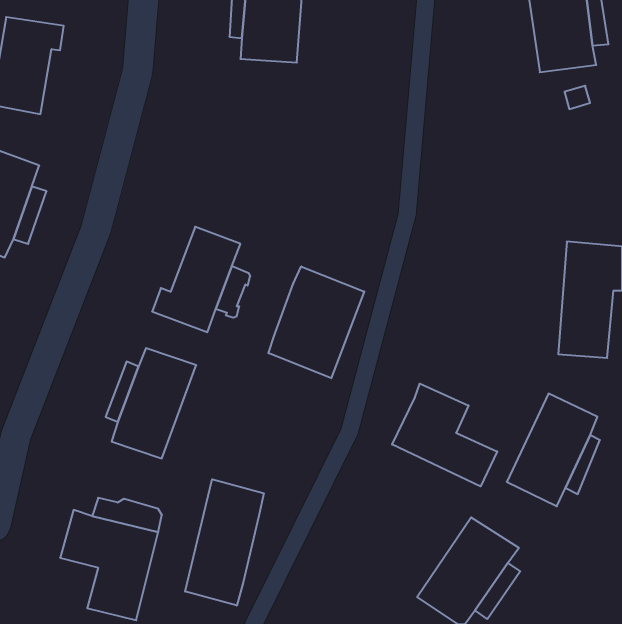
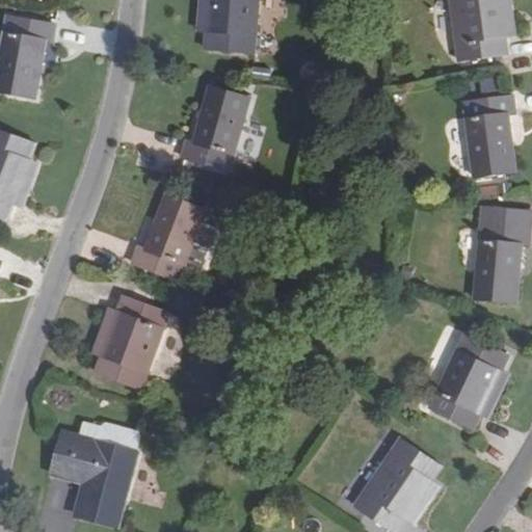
building: none -> [179,84,248,171]
building: none -> [461,92,513,179]
building: [268,266,364,378] -> none
building: [392,384,497,486] -> none
building: [185,479,264,606] -> none

